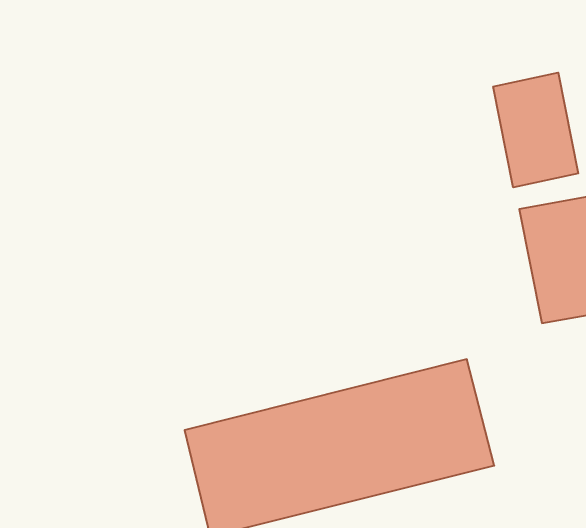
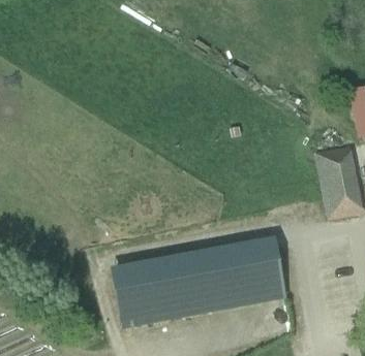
building: [493,73,578,187] -> none

